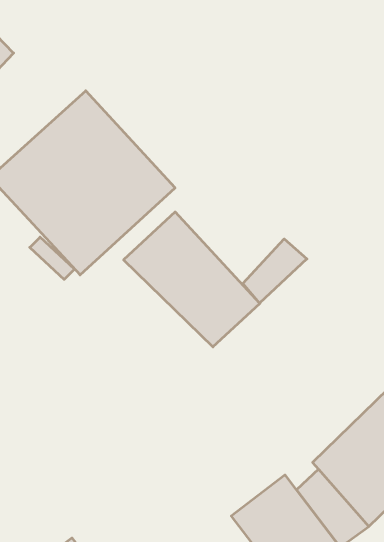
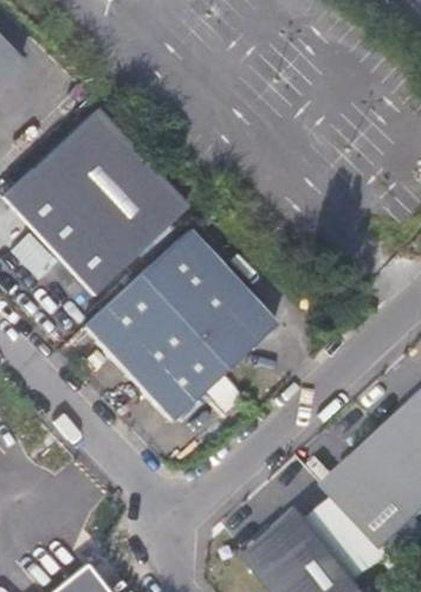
building: [243,239,307,303] -> none
building: none -> [84,278,229,420]

